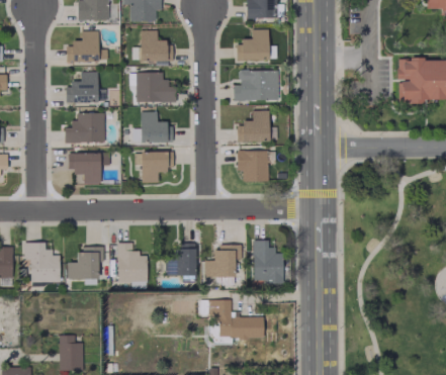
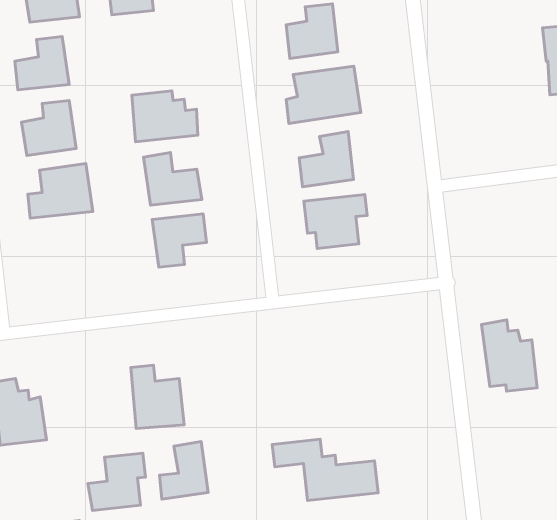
building: [140,30,173,63] -> none
building: [68,153,100,183] -> none
building: [252,240,282,284] -> [481,320,537,391]
building: [166,243,195,276] -> [159,442,208,499]
building: [204,245,241,277] -> none
building: [67,247,103,279] -> [88,453,146,510]

